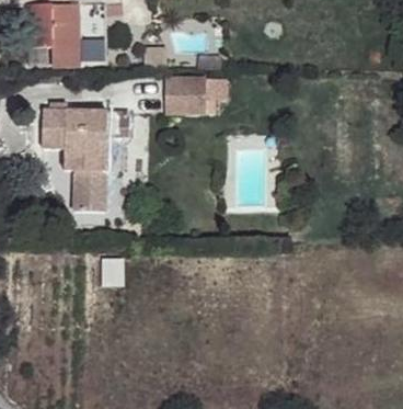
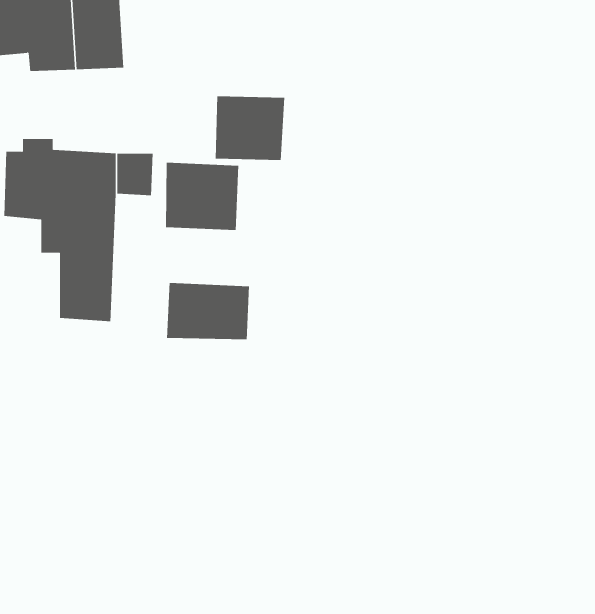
building: none -> [165,162,239,231]
building: none -> [167,282,249,340]

